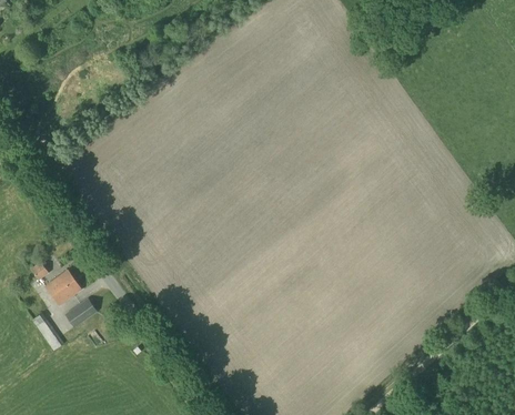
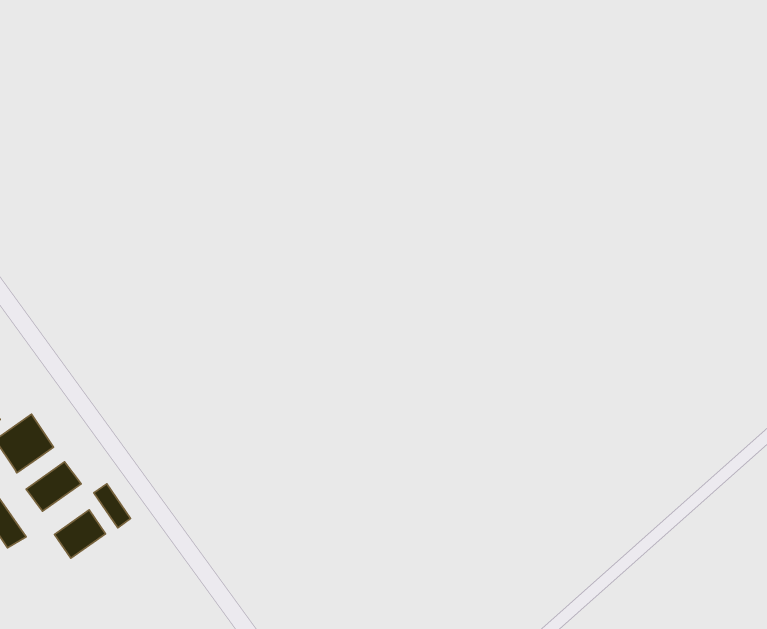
building: none -> [55,510,105,558]

